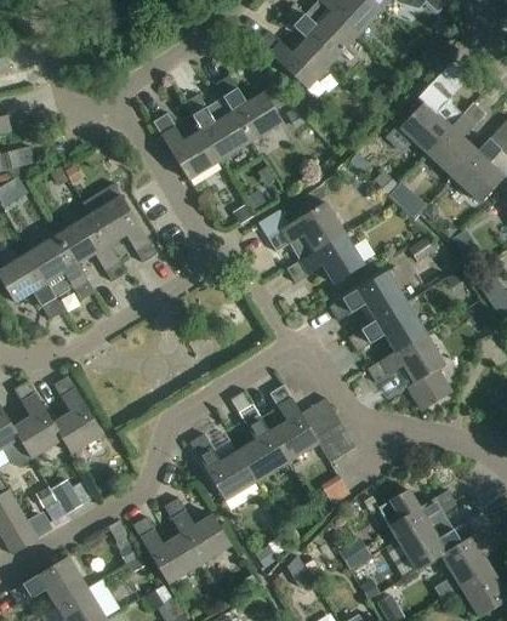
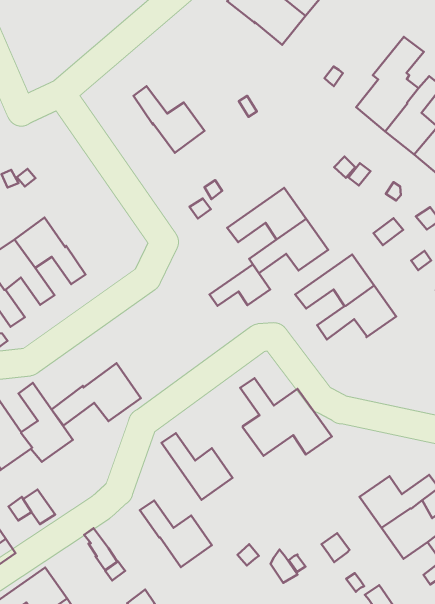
building: [257,30,332,89] -> none
building: [215,74,283,141] -> none
building: [153,113,221,180] -> none
building: [90,195,156,262] -> none
building: none -> [210,264,270,306]
building: [368,334,451,410] -> none
building: none -> [52,363,141,425]
building: [238,403,287,480] -> none
building: [132,515,200,582] -> none

